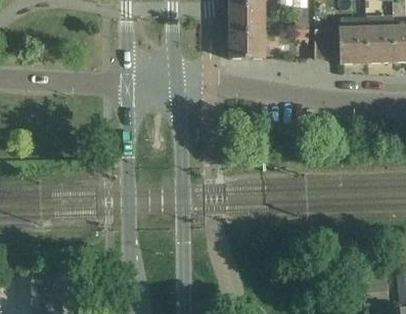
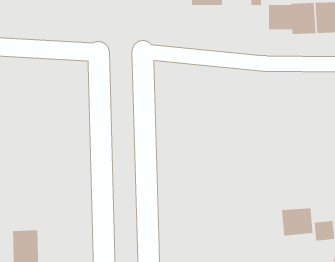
building: [230,30,265,56] -> none
building: none -> [281,207,314,237]

